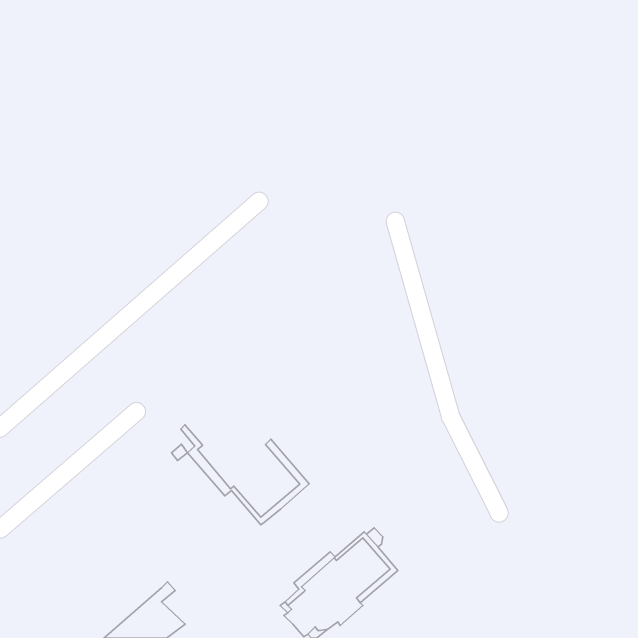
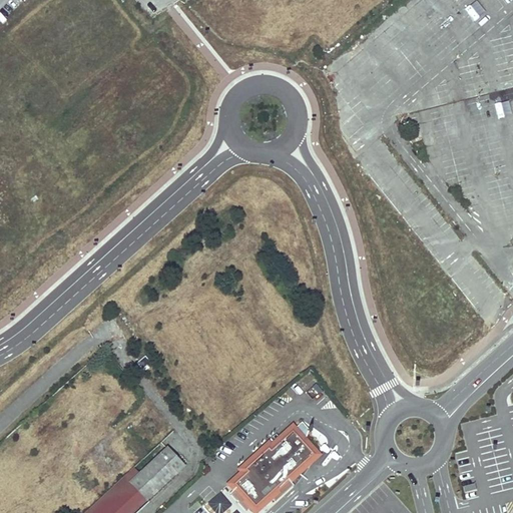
building: [181,425,309,525] -> none
building: none -> [130,448,184,500]

